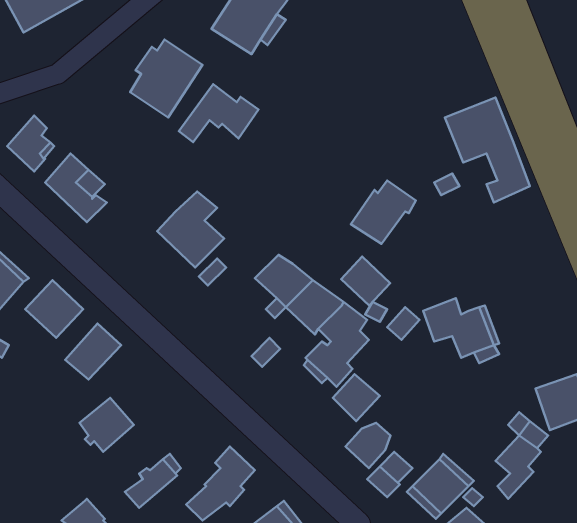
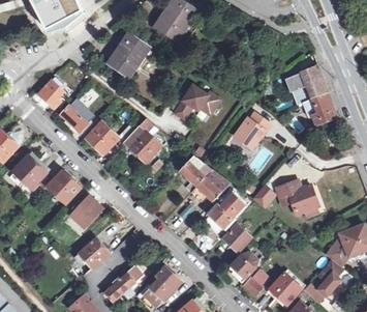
building: [179,84,258,142] -> [174,85,219,118]
building: none -> [85,121,133,154]
building: [341,257,390,305] -> none

